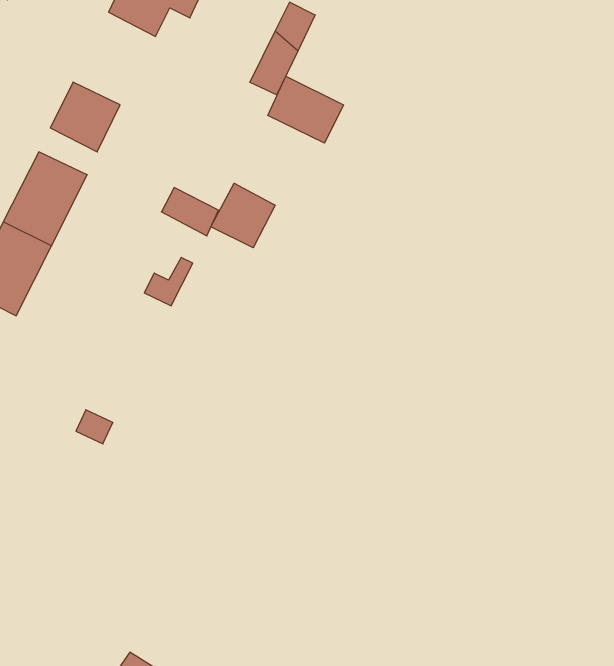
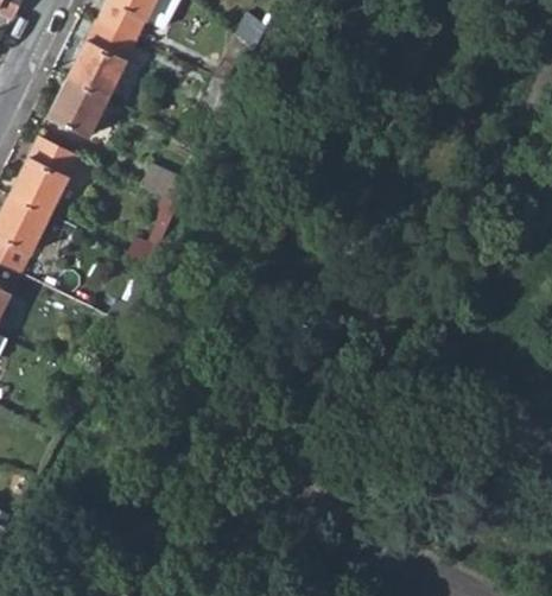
building: none -> [68,20,137,97]
building: [268,76,344,143] -> none
building: [211,183,275,248] -> none

